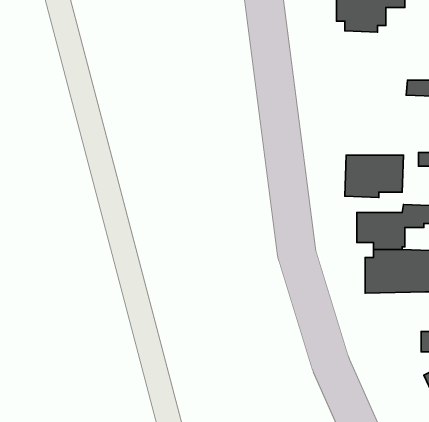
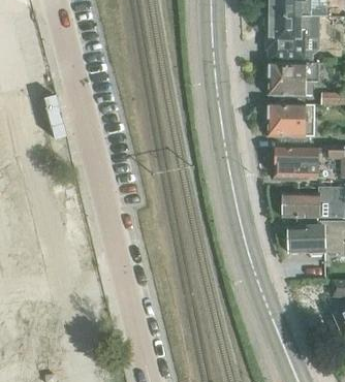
building: none -> [268,55,320,96]
building: none -> [268,104,315,138]

